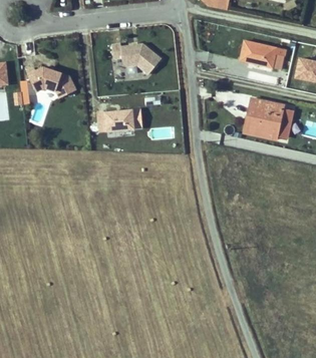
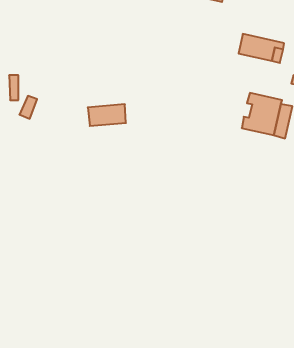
building: [111,43,161,74] -> none
building: [26,66,75,97] -> none

